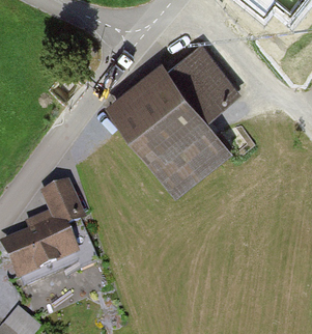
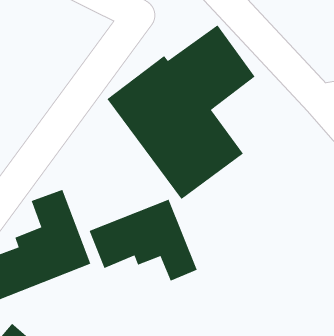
building: none -> [89,199,197,282]

